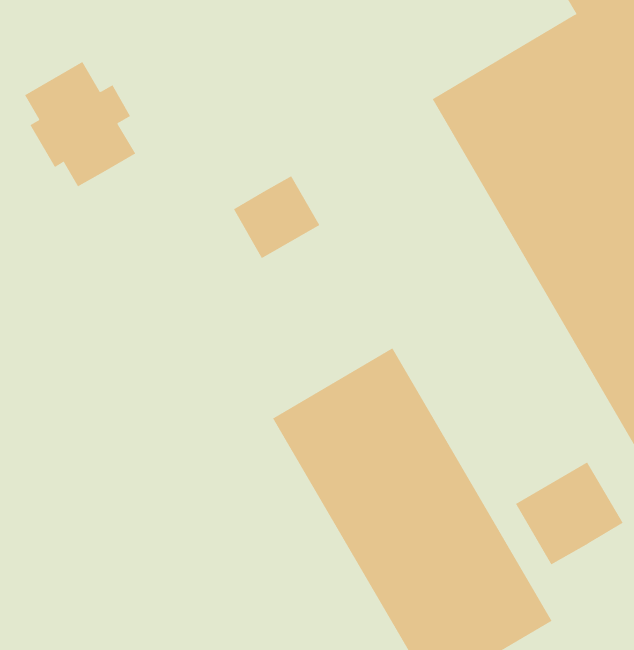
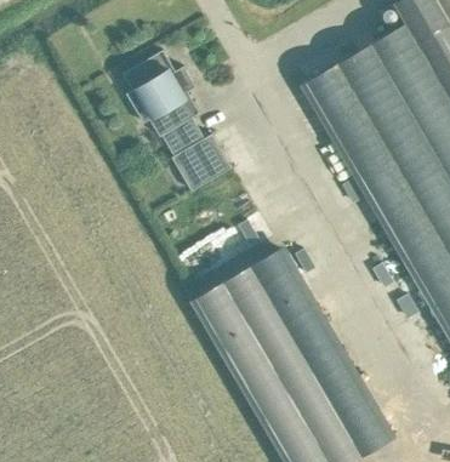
building: [24,61,136,187] -> [121,51,198,137]
building: [515,461,623,565] -> none

